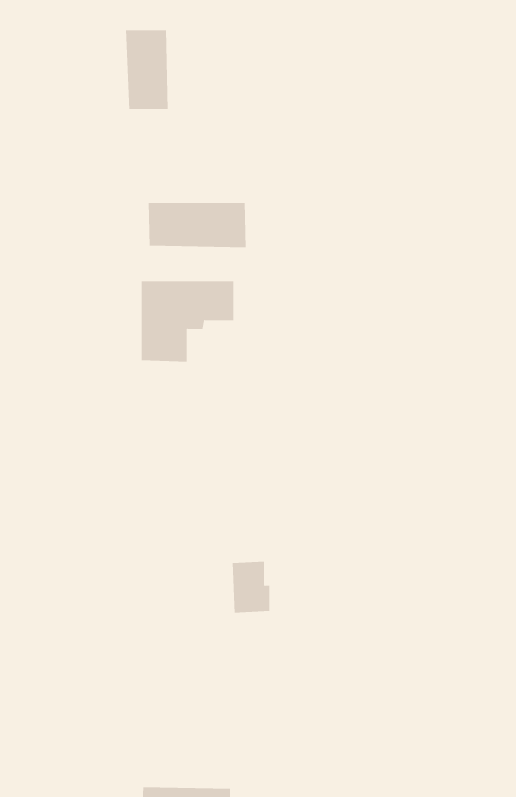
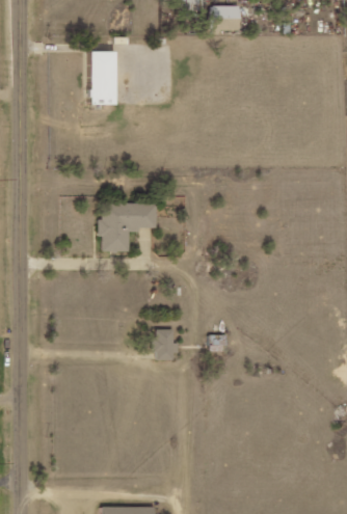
building: [148,202,246,248] -> none
building: [232,561,270,613] -> [153,328,176,359]

